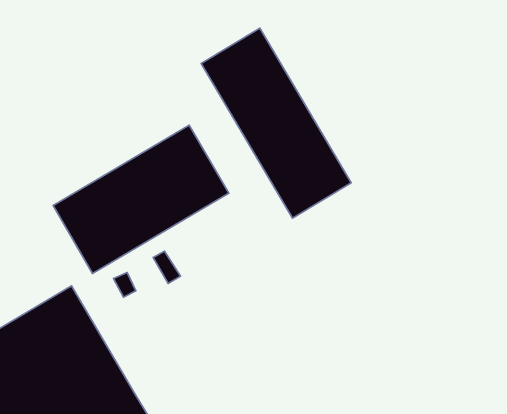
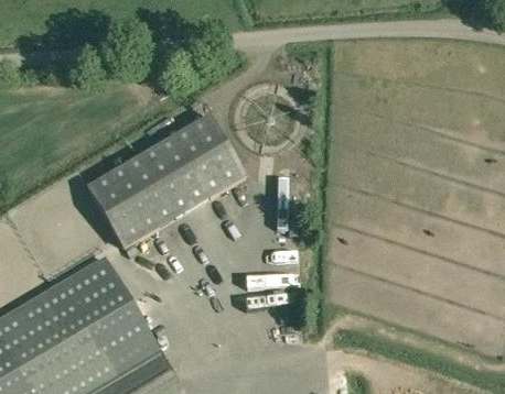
building: [201,28,351,218] -> none

